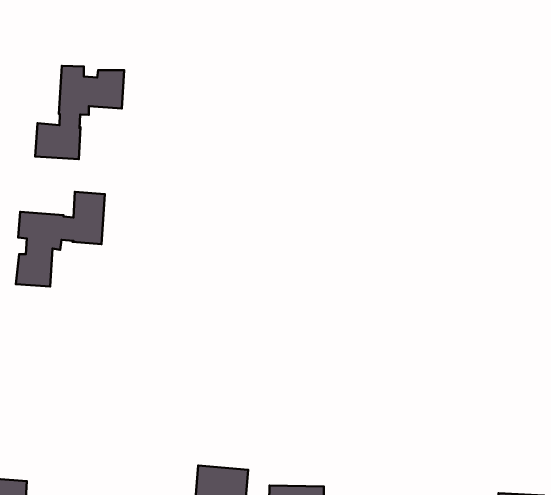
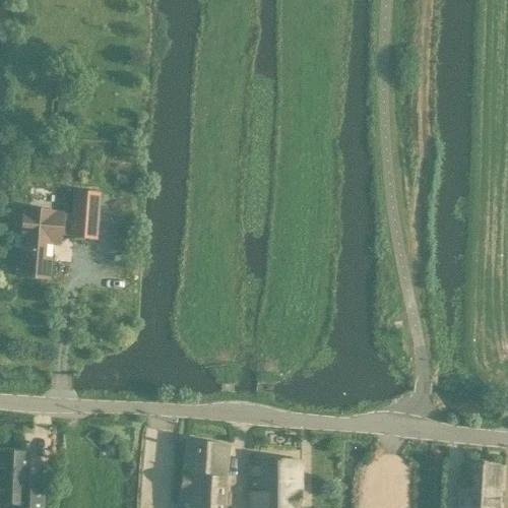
building: [35,66,124,159] -> none

